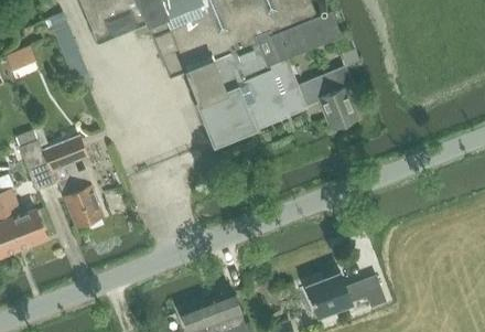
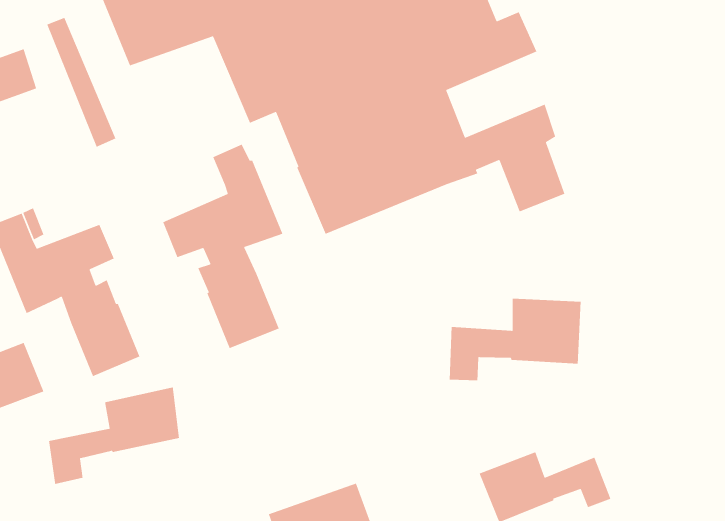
building: none -> [162,143,284,349]
building: none -> [449,298,582,381]
building: none -> [48,386,180,485]

